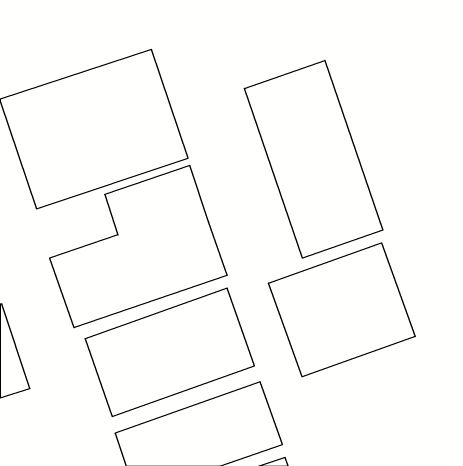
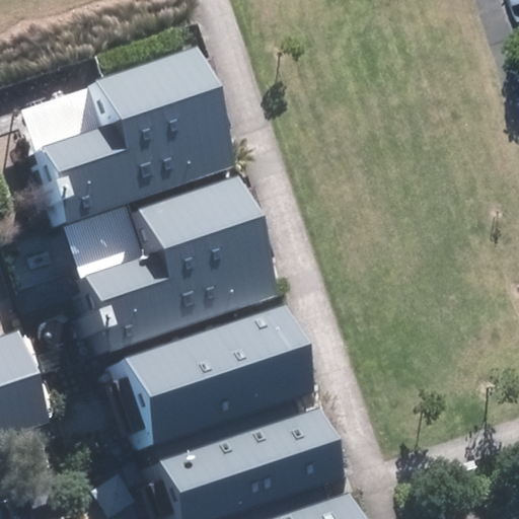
building: [244,60,383,258] -> none
building: [269,243,415,377] -> none

